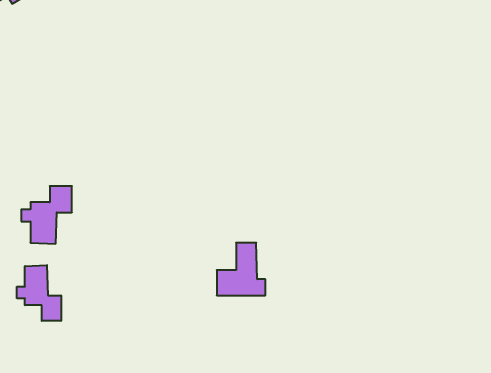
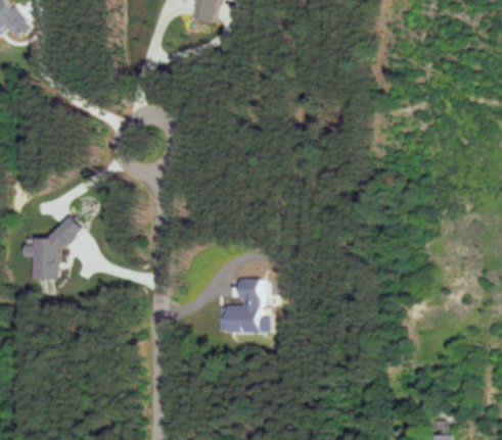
building: [17,265,61,321] -> none

